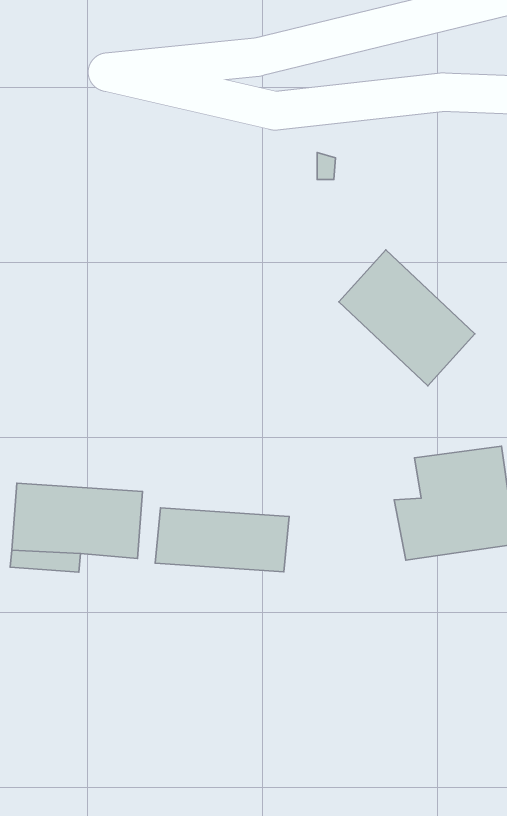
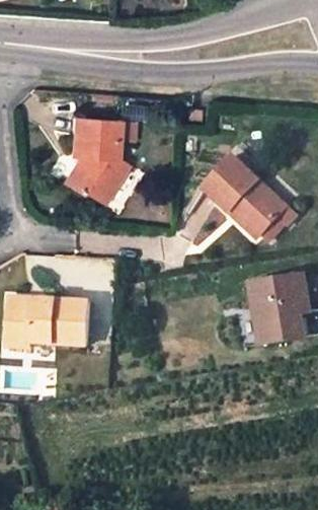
building: none -> [67,117,135,206]
building: [155,508,289,572] -> none

